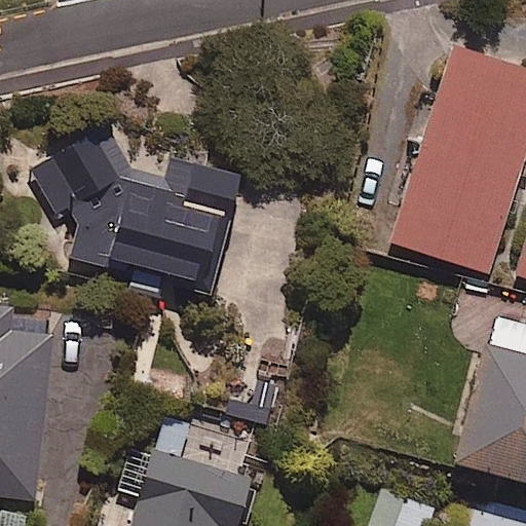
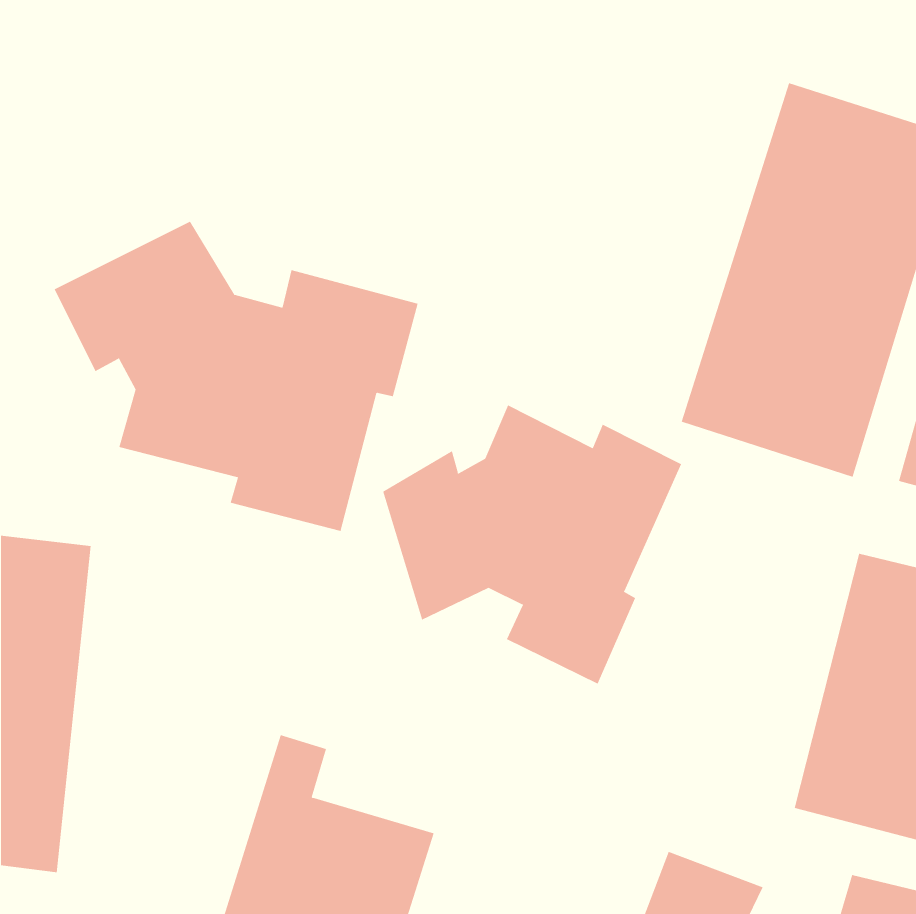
building: none -> [382,405,682,684]

